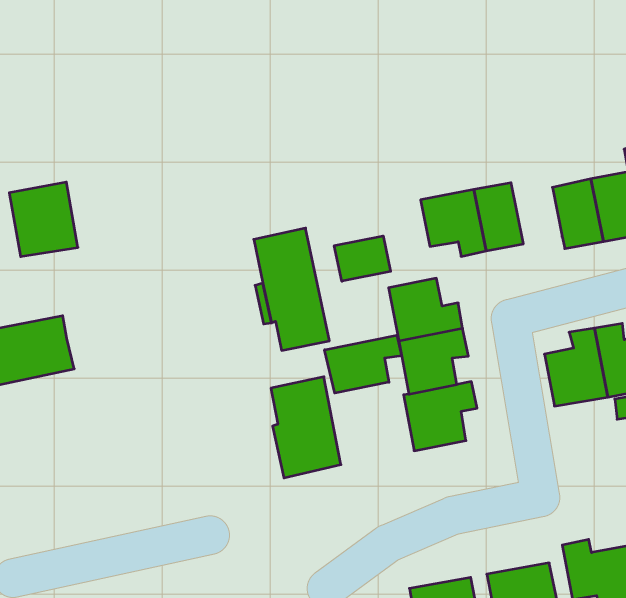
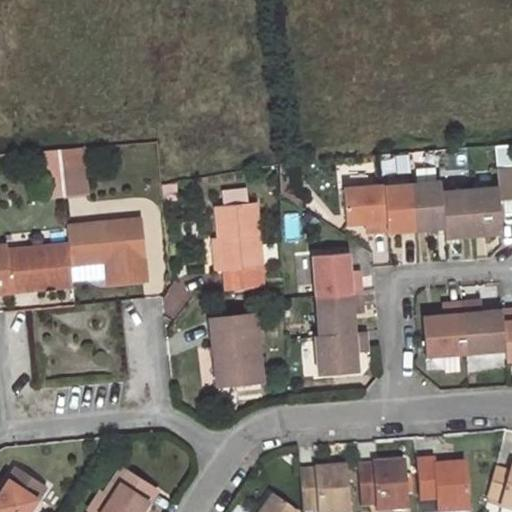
building: none -> [411,182,444,231]
building: [334,236,391,281] -> none
building: none -> [68,221,146,280]
building: [325,335,402,393] -> none

